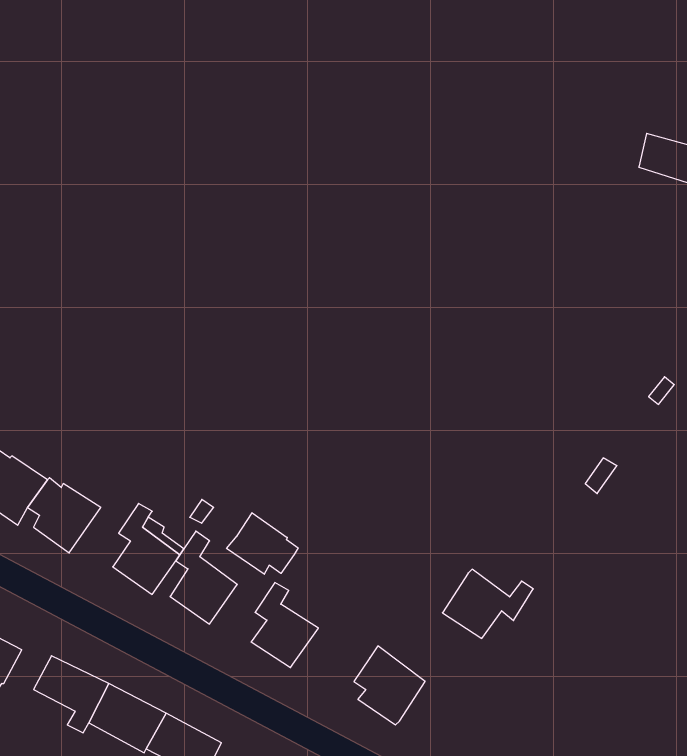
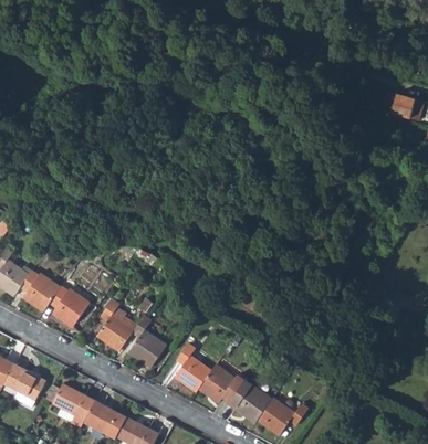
building: [227,513,298,574] -> none
building: [442,569,533,638] -> [257,397,307,435]
building: none -> [198,363,240,402]

